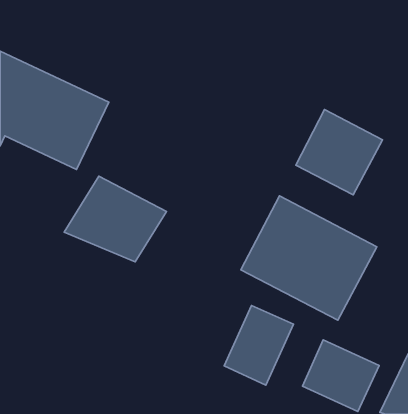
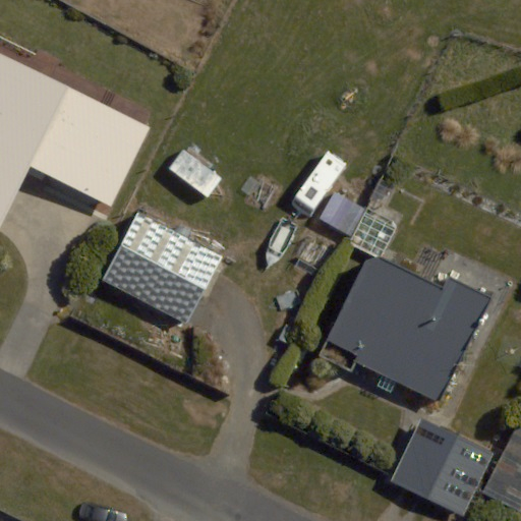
building: [296,109,383,195] -> none
building: [224,306,293,385] -> none

